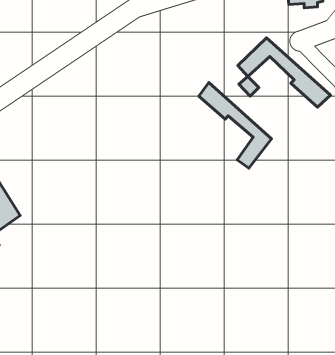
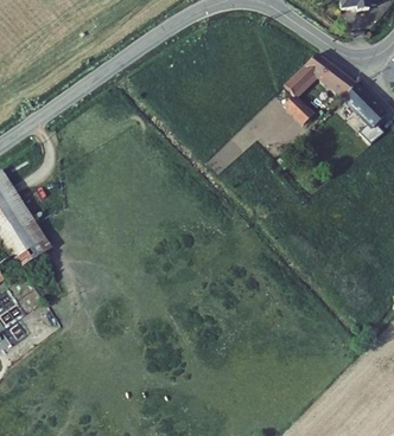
building: [199,82,272,168] -> none

